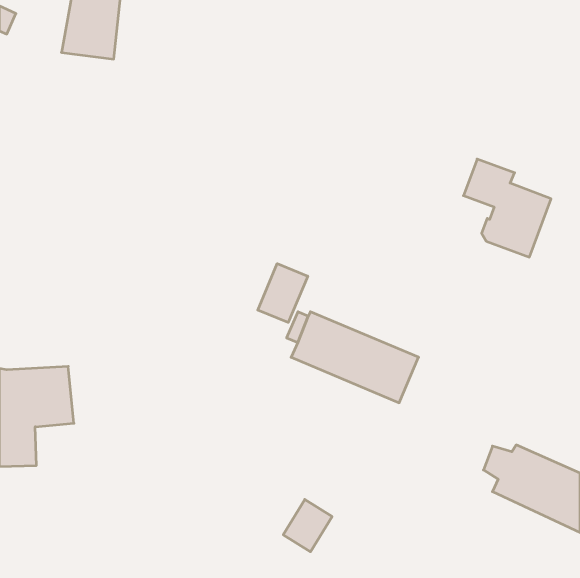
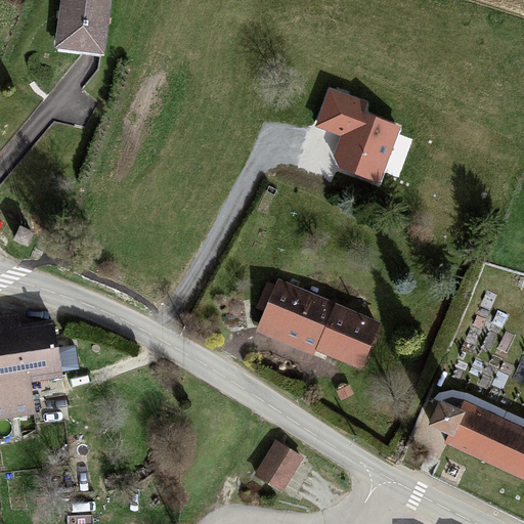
building: [463,159,551,257] -> [317,89,396,177]
building: [258,264,308,322] -> none

